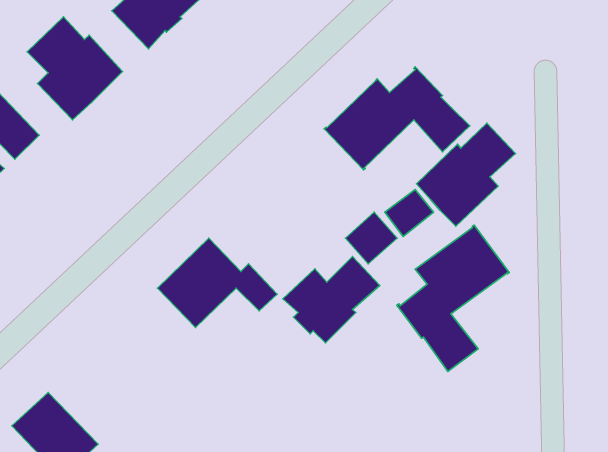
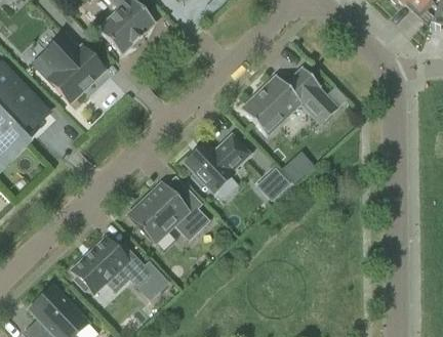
building: [417,123,515,226] -> none
building: [397,225,509,372] -> none
building: [283,257,380,343] -> [185,134,250,193]
building: none -> [72,238,172,297]

